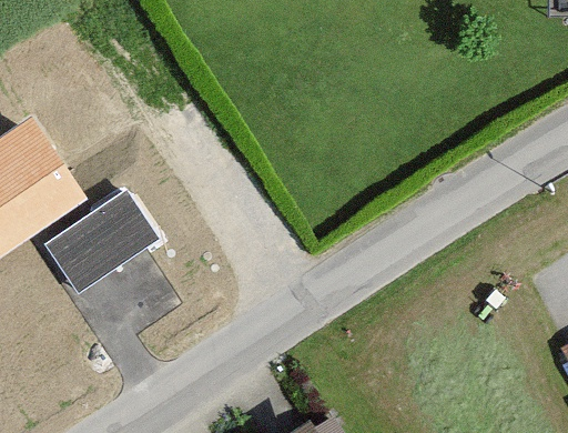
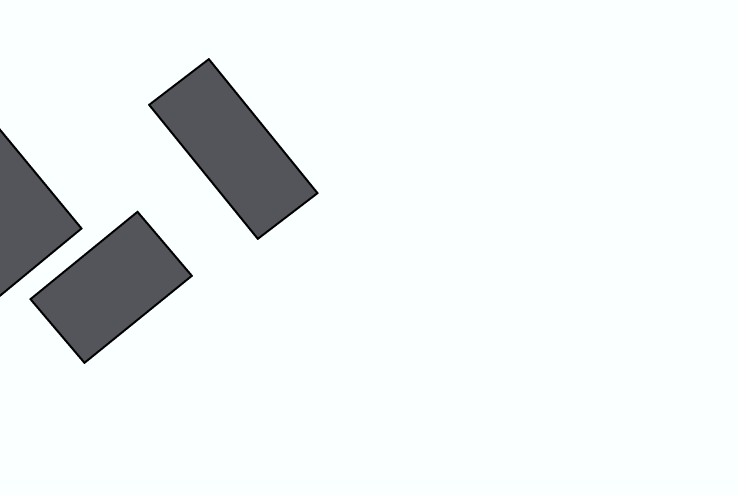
building: none -> [149,59,318,239]

